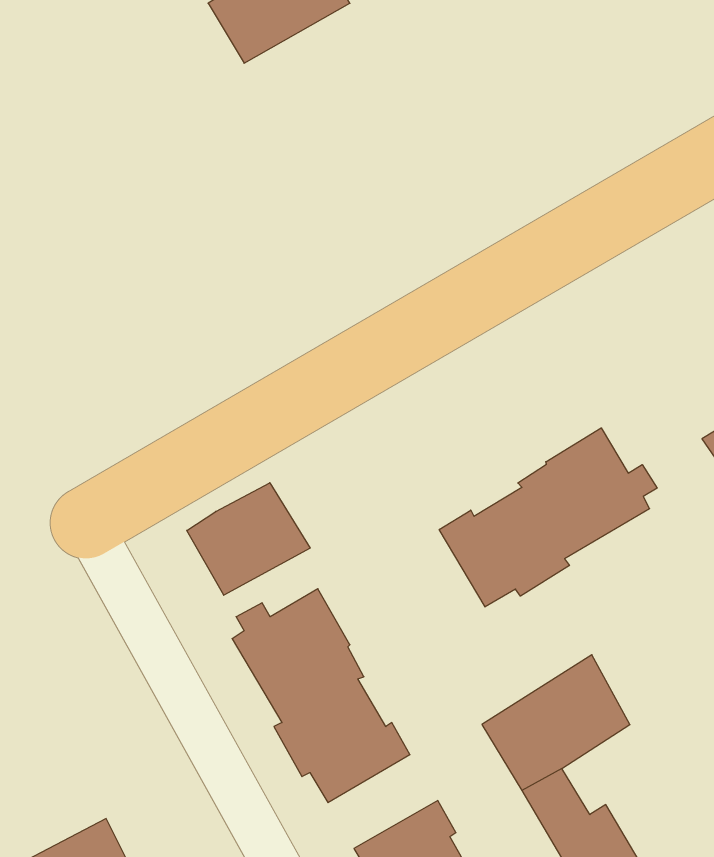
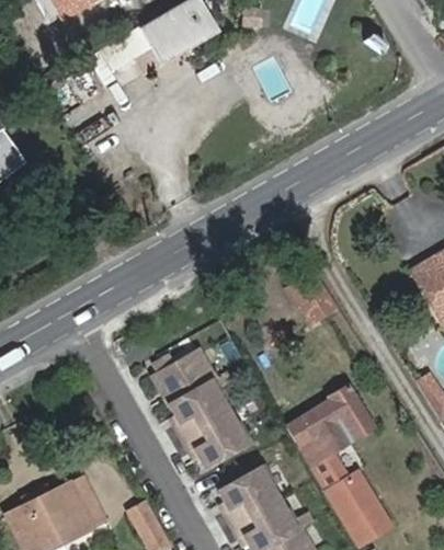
building: [439,428,657,607] -> none
building: [187,483,310,595] -> none

